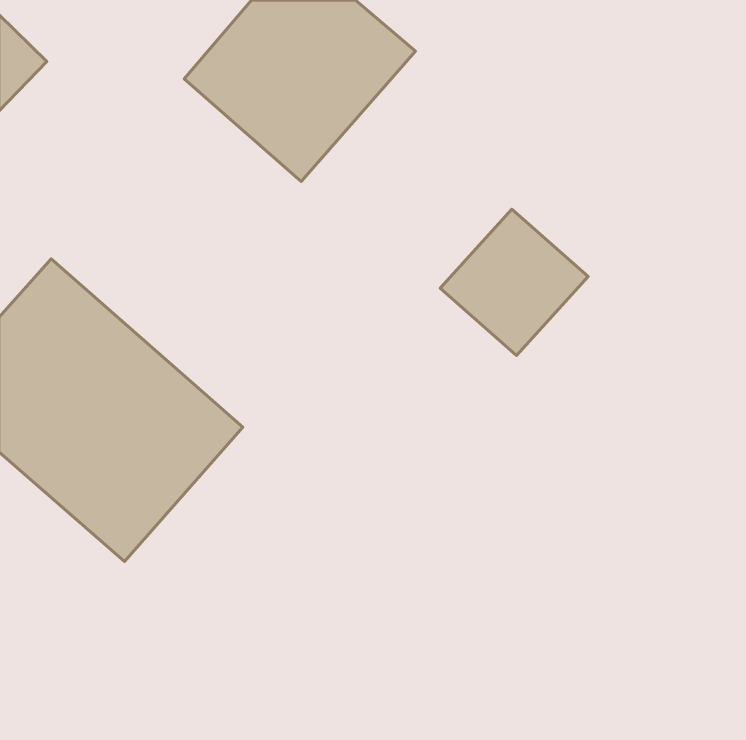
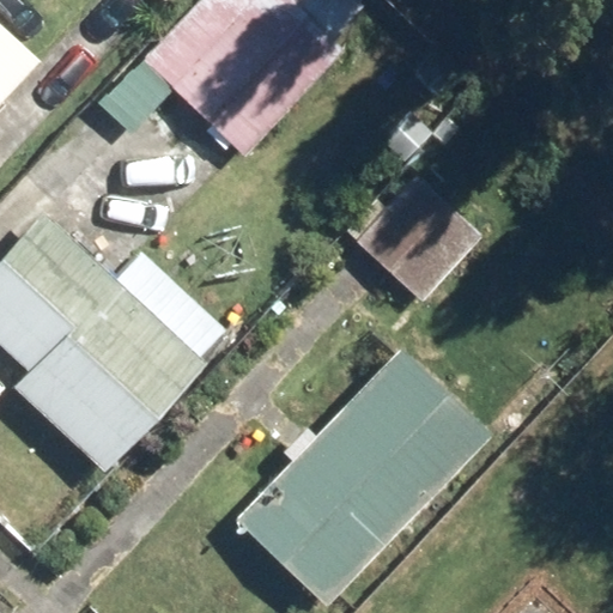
building: none -> [241,351,486,599]

